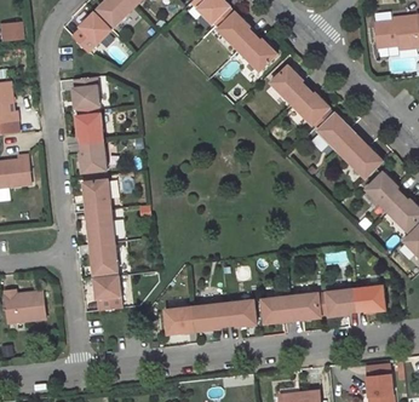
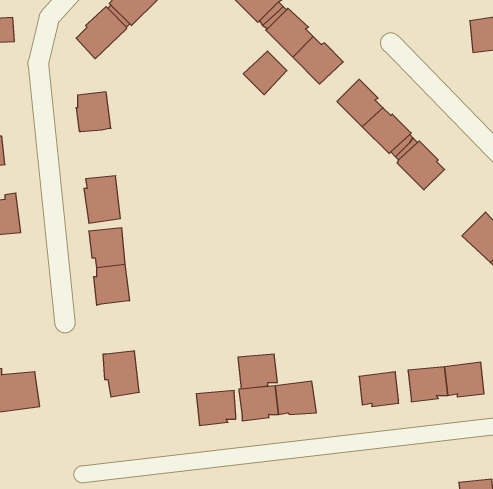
building: none -> [243,51,287,95]
building: [75,113,103,144] -> none
building: [339,137,378,173] -> none
building: [90,242,117,275] -> none
building: [262,295,292,322] -> [238,354,277,389]

